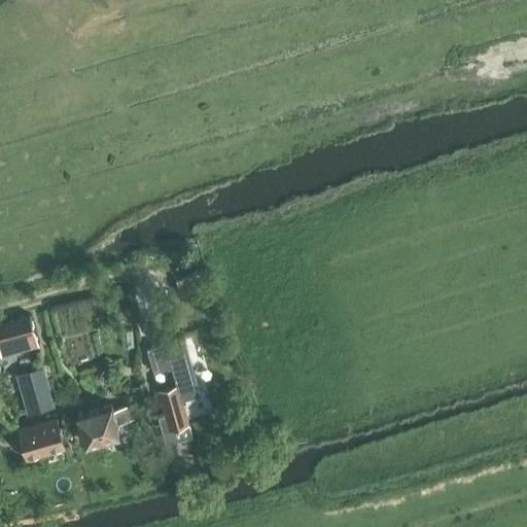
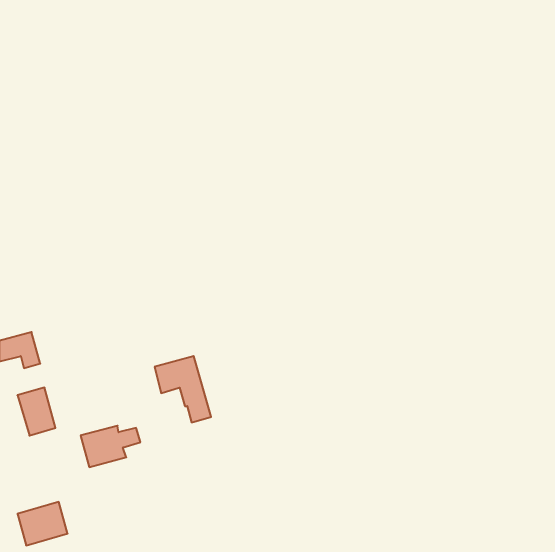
building: [157,388,187,432] -> none
building: [17,421,65,462] -> [17,502,68,545]

